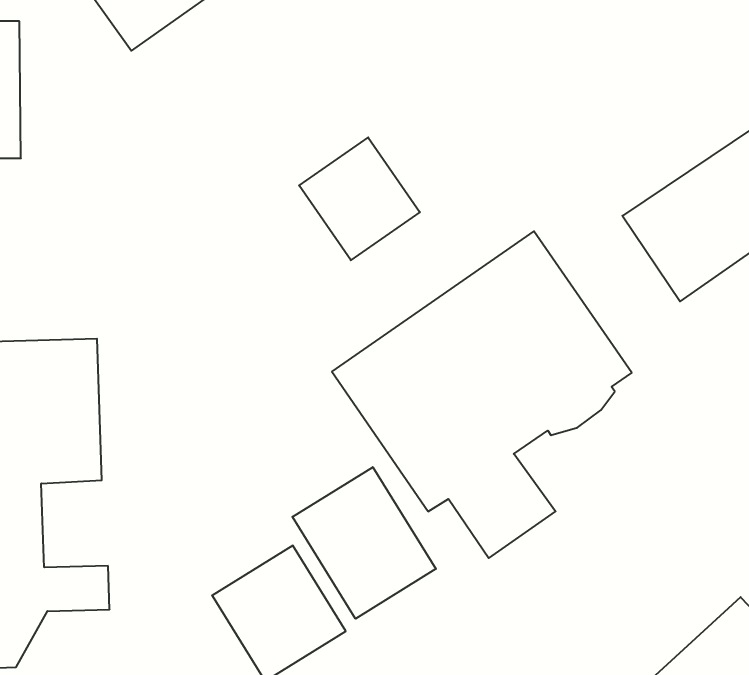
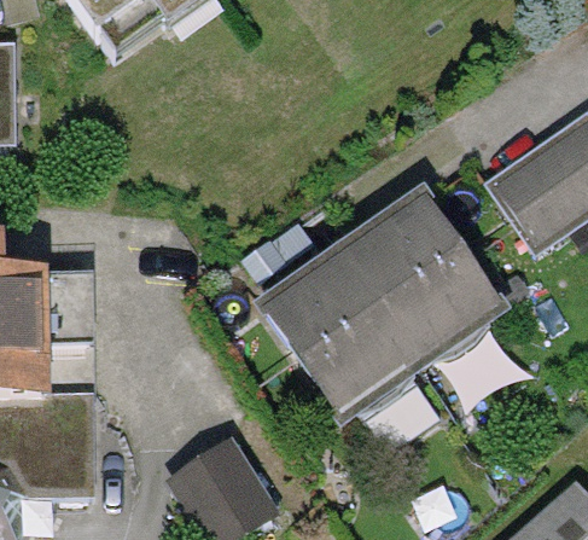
building: [299,137,420,260] -> none
building: [292,467,436,619] -> none

